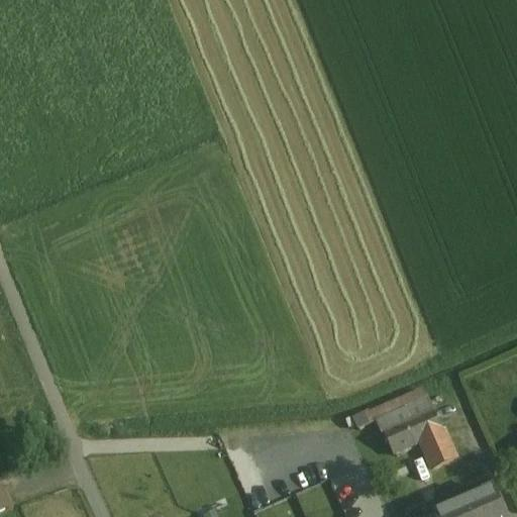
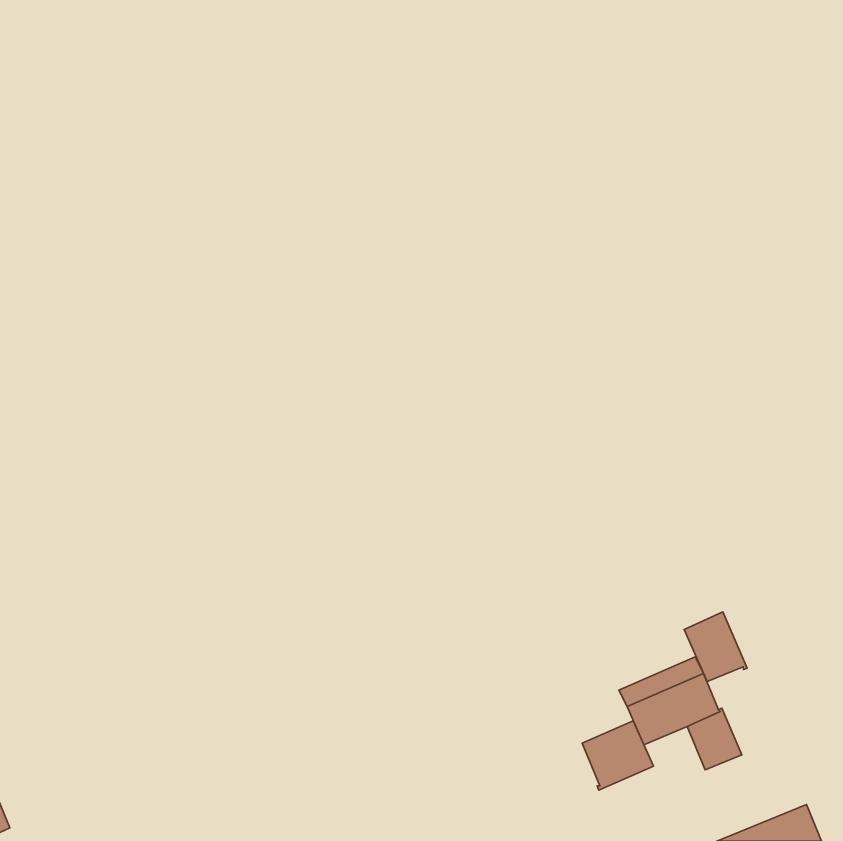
building: none -> [684,612,747,682]
building: none -> [582,721,654,790]

